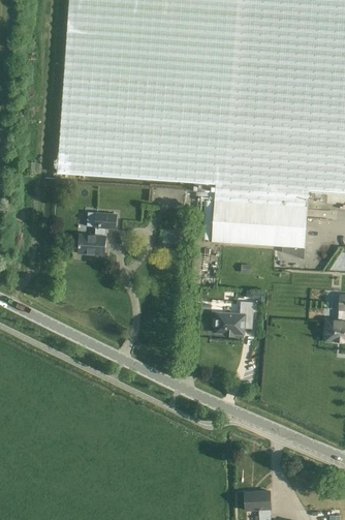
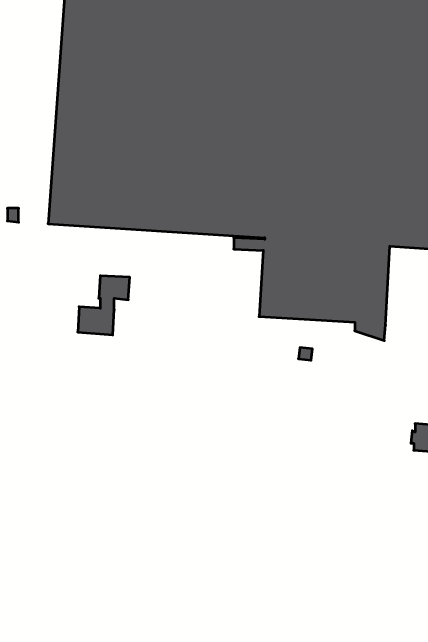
building: [213,301,254,334] -> none

